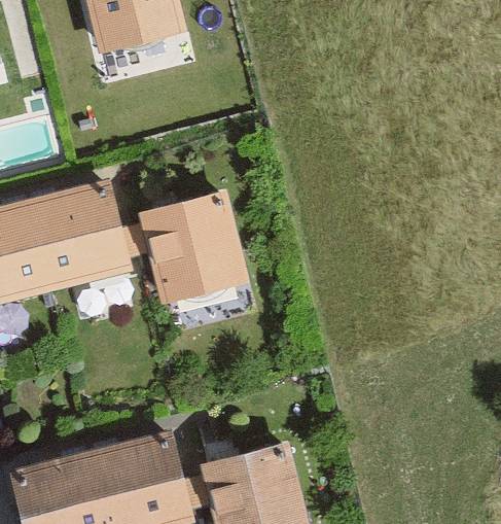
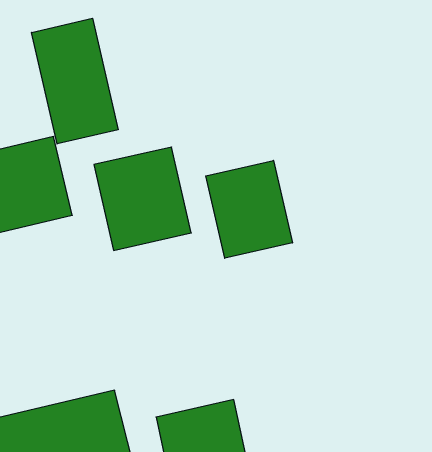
building: none -> [32,18,118,144]
building: none -> [206,160,292,258]

